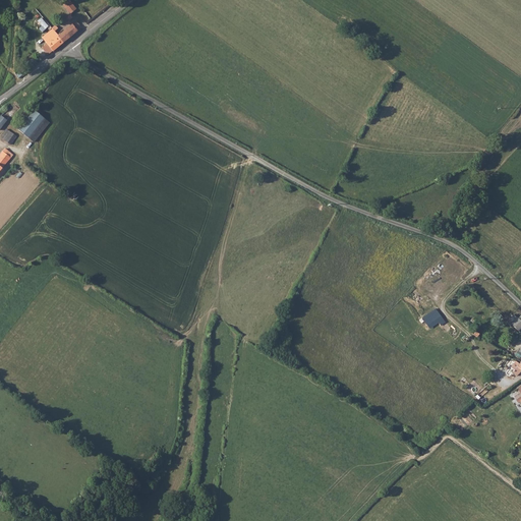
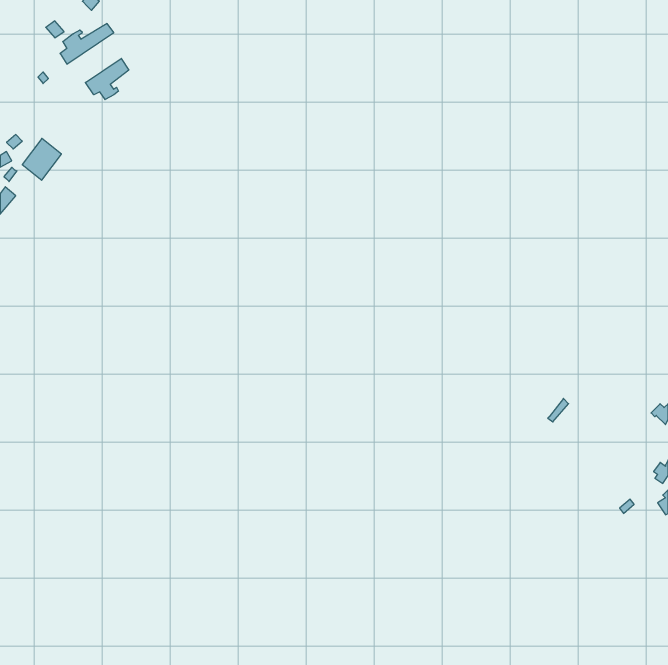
building: none -> [85,58,129,100]

